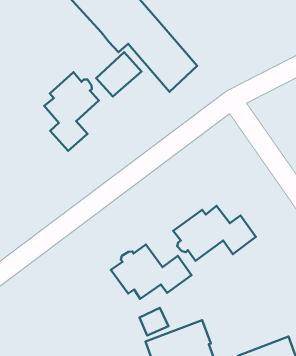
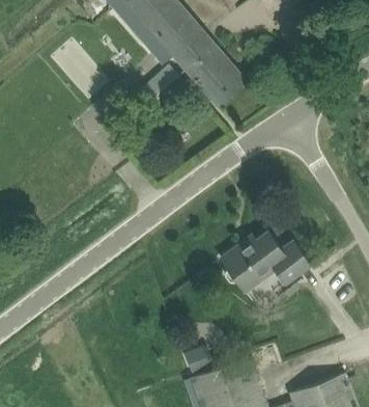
building: [44,72,99,151] -> none
building: [111,245,192,299] -> none

